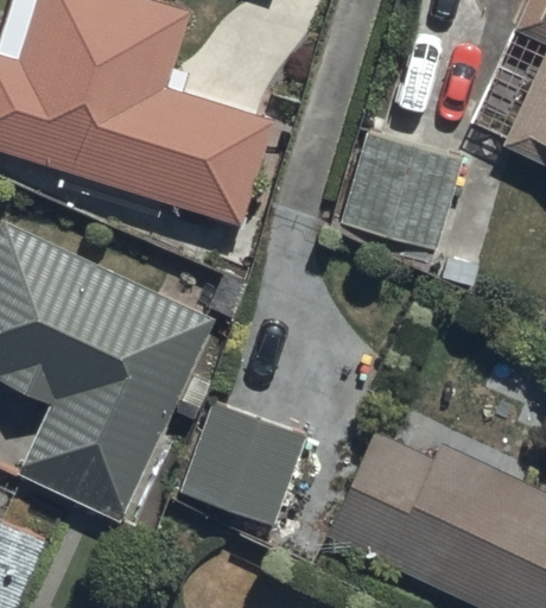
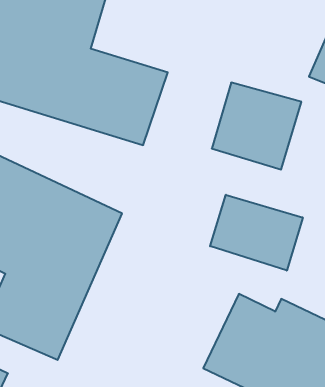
building: none -> [210,195,303,271]
building: [180,404,309,527] -> none

